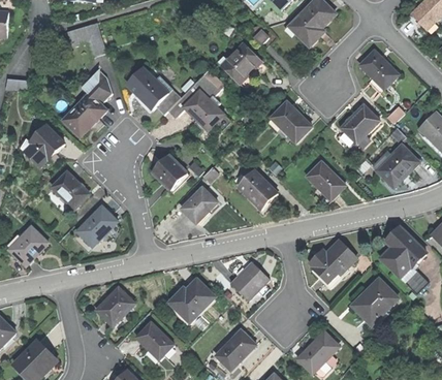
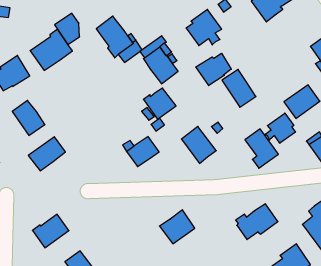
building: none -> [196,53,231,86]
building: none -> [265,113,295,143]
building: [151,156,187,190] -> [143,88,176,119]
building: [167,277,214,317] -> none

